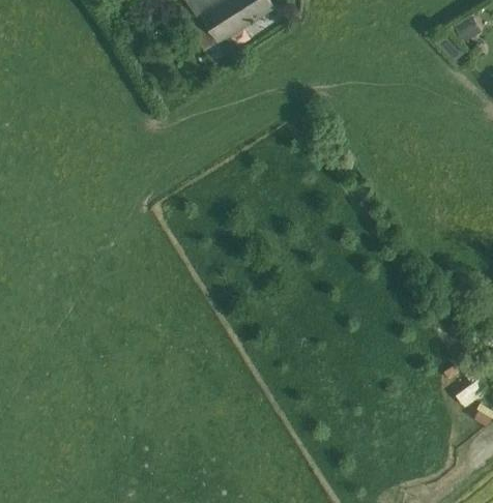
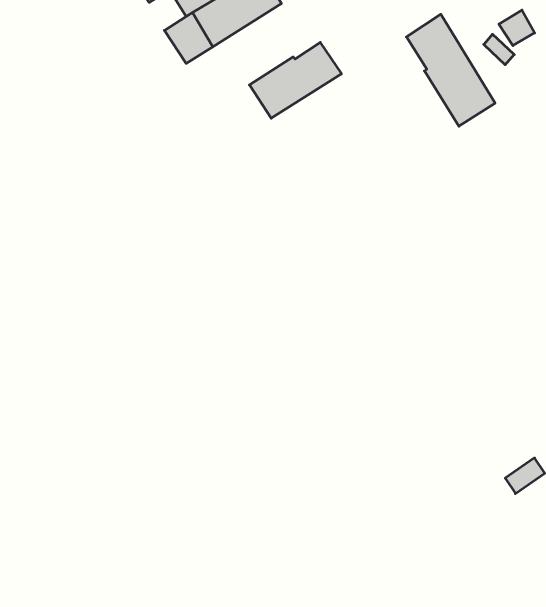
building: none -> [406,14,495,126]
building: none -> [249,42,341,118]

